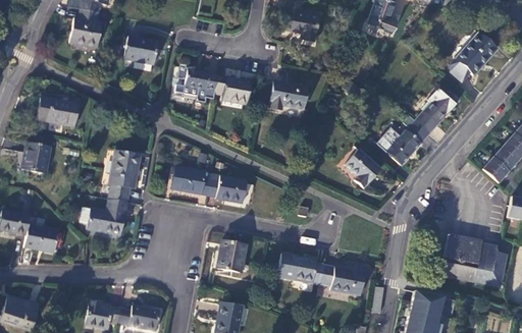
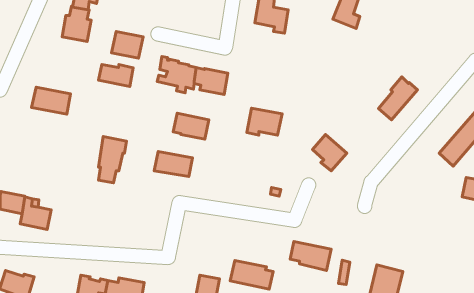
building: [449,33,497,81] -> none
building: none -> [99,64,133,87]
building: [268,80,307,110] -> [247,108,282,135]
building: [386,120,430,165] -> none
building: [21,142,50,173] -> none
building: [208,174,247,203] -> [173,113,209,139]
building: [77,199,125,234] -> none
building: [439,234,507,287] -> none
building: [216,240,246,272] -> none
building: [276,254,323,285] -> [230,260,273,289]

